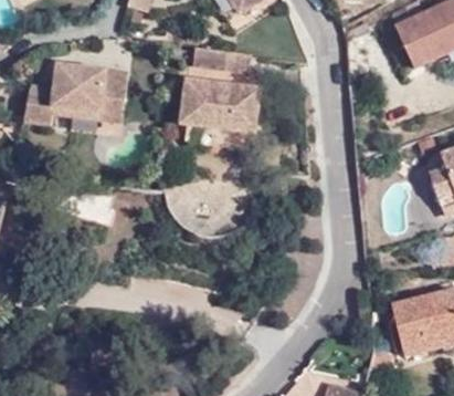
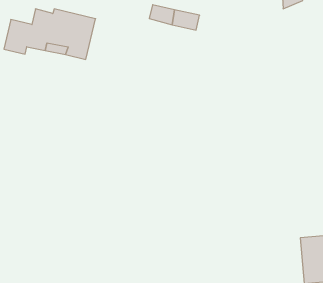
building: [180,82,258,134] -> none

